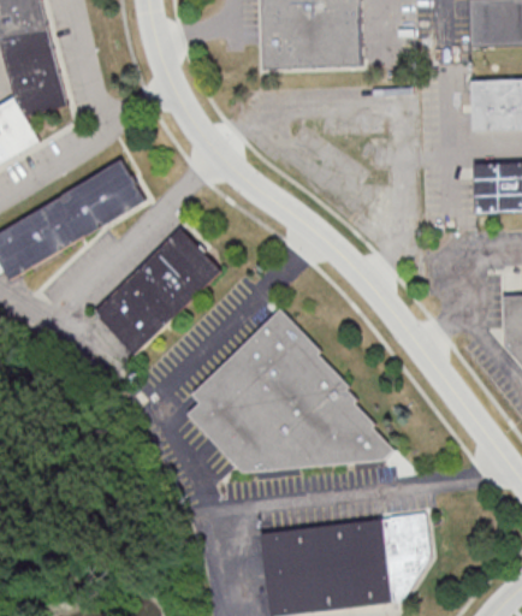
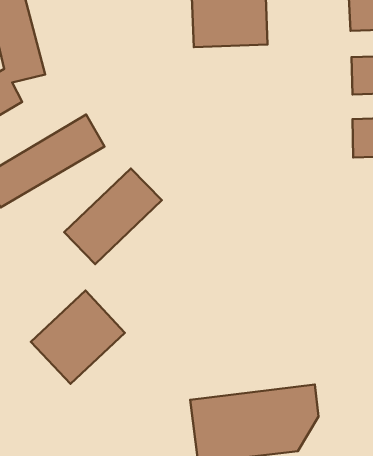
building: [186,308,392,473] -> none
building: none -> [31,291,125,384]

